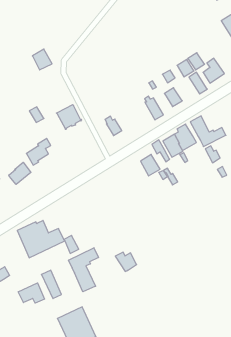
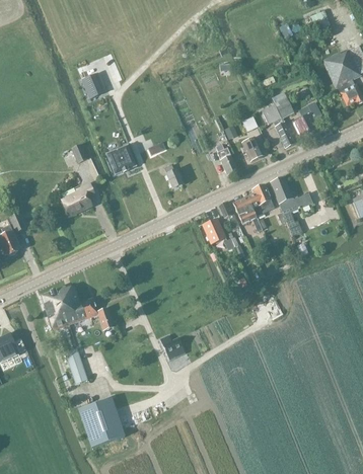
building: [9,162,31,184] -> none
building: [69,248,98,292] -> none
building: [18,283,44,303] -> none

